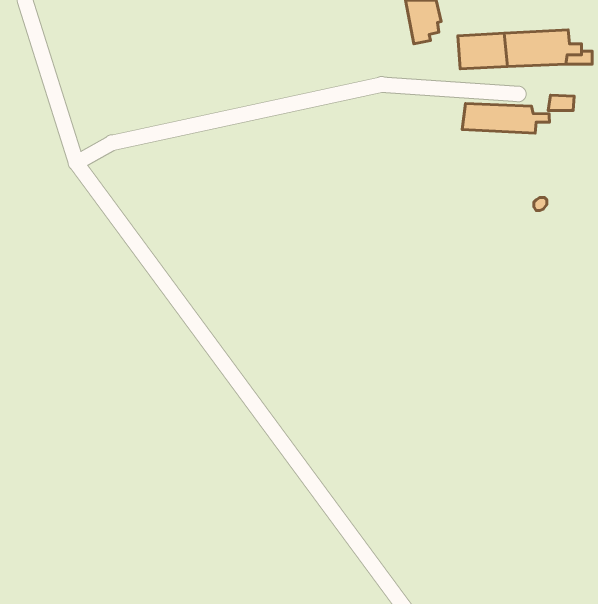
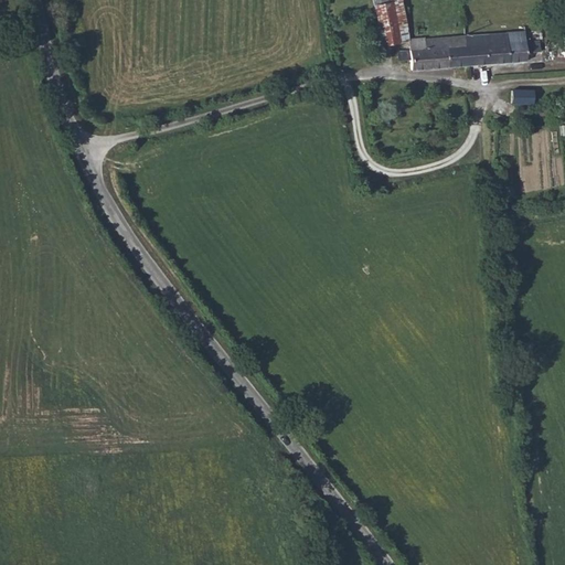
building: none -> [399,36,427,67]
building: [462,104,549,133] -> none

